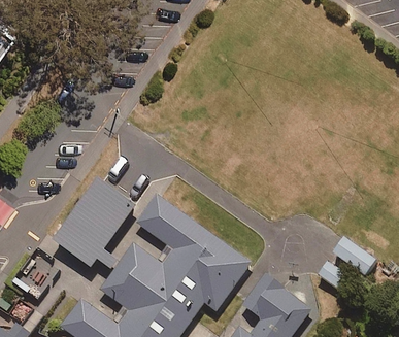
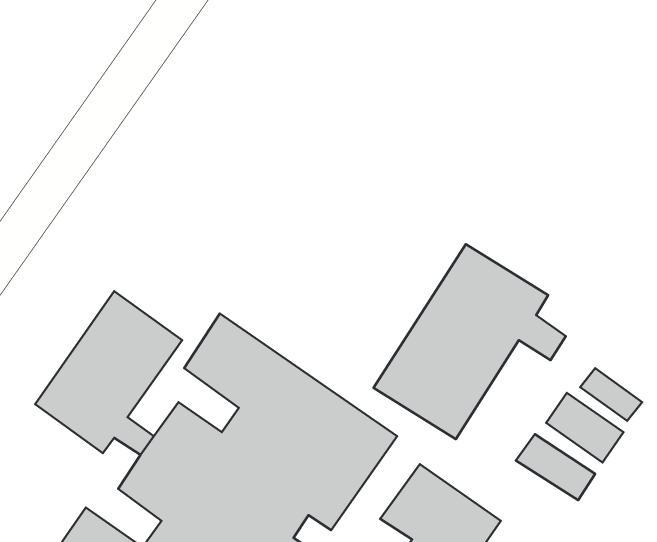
building: none -> [373,244,566,439]

